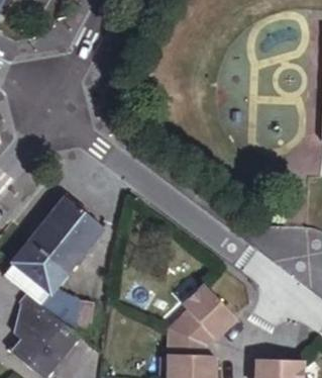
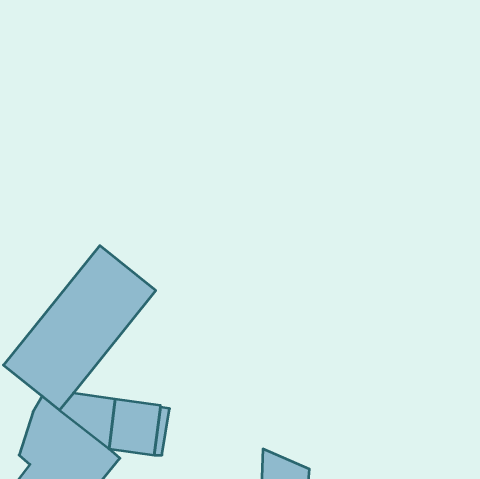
building: [173,286,236,342] -> none

